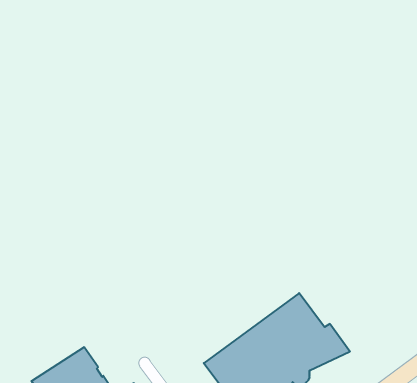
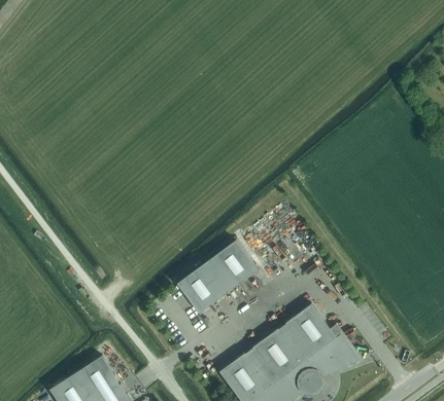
building: none -> [177,240,258,313]

